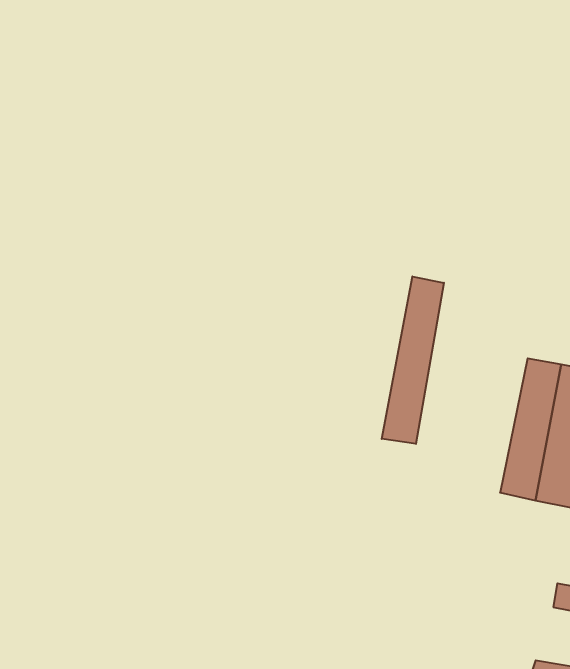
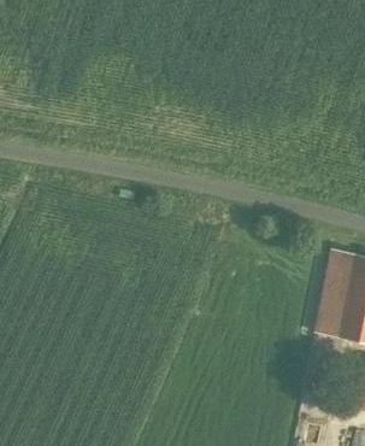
building: [382,276,444,444] -> none

